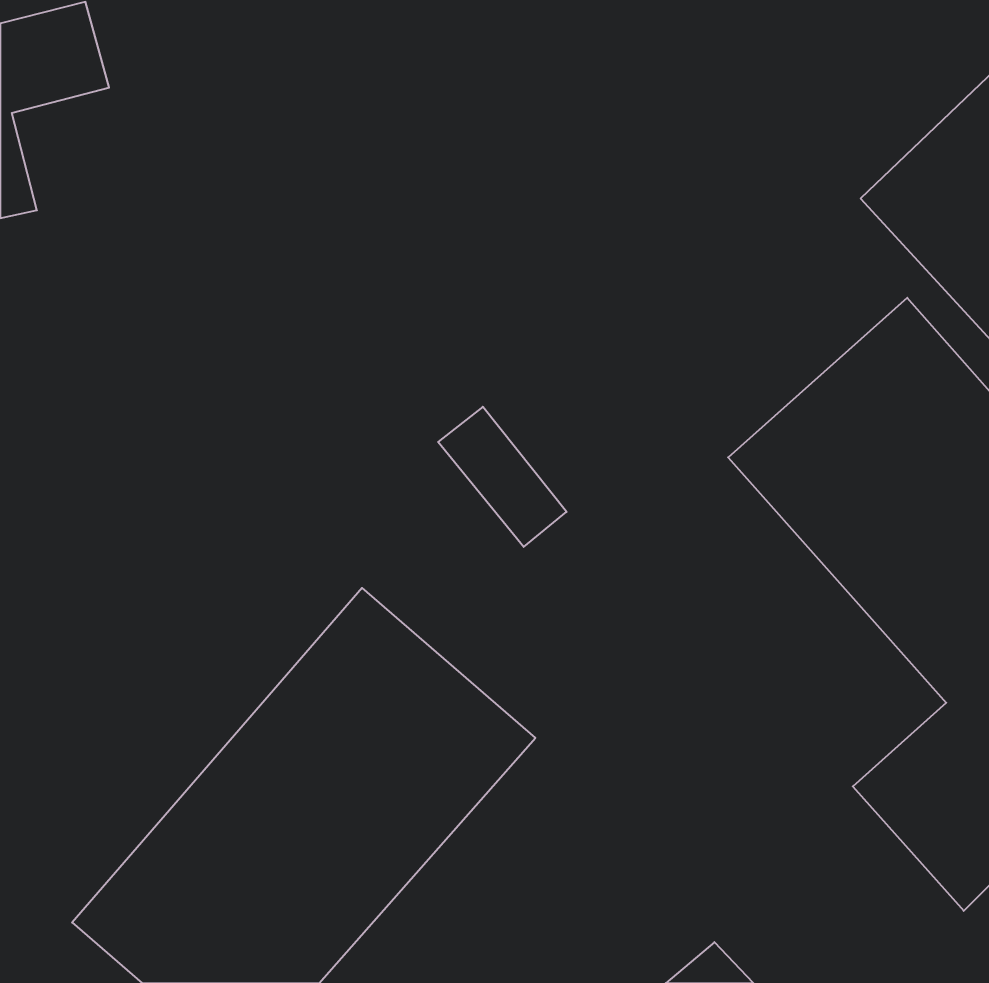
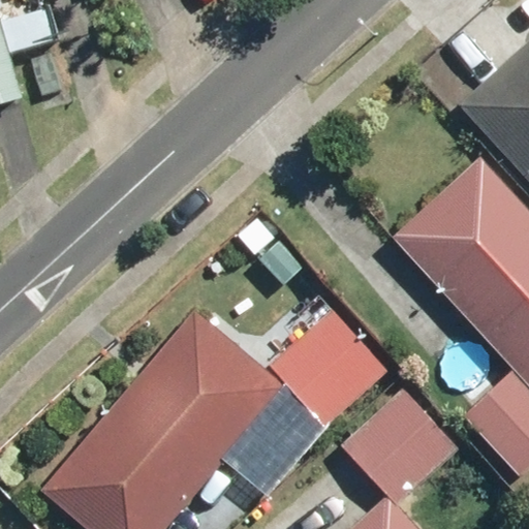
building: none -> [271,308,386,424]
building: none -> [340,384,462,506]

